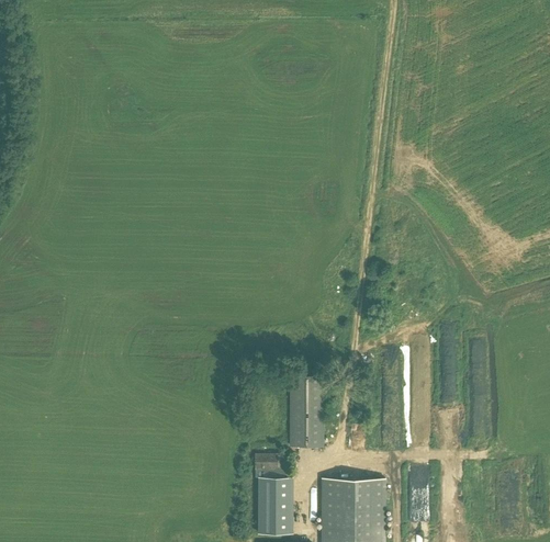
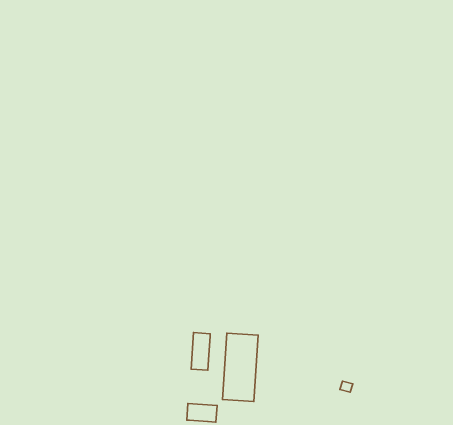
building: none -> [191,333,210,370]

